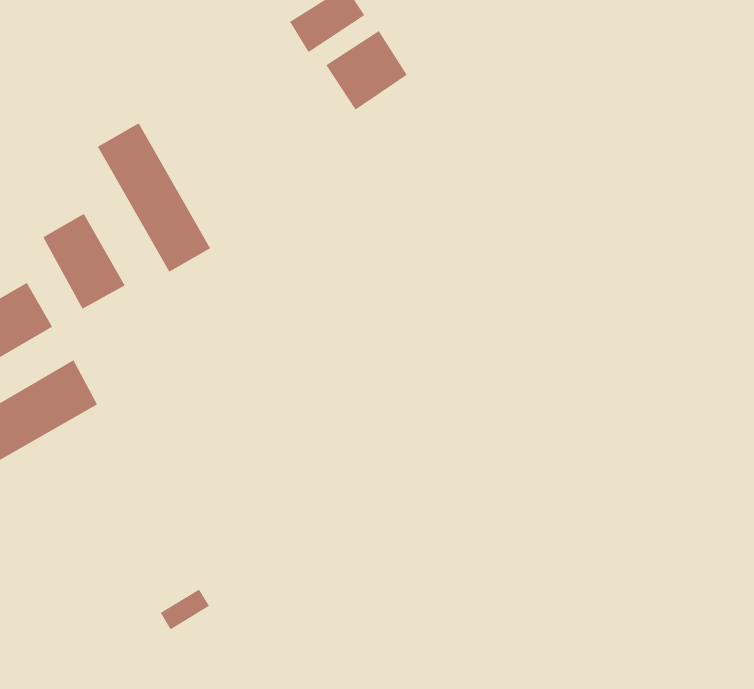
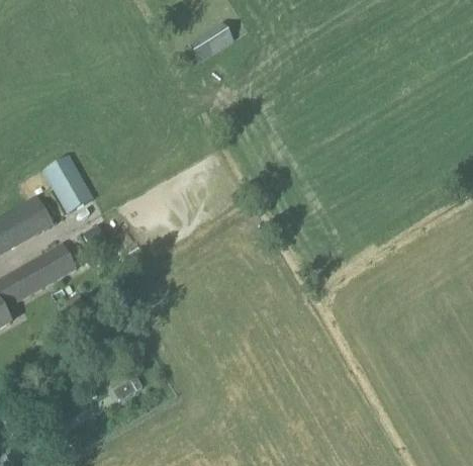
building: [325,30,407,111] -> none
building: [97,123,211,273] -> none

